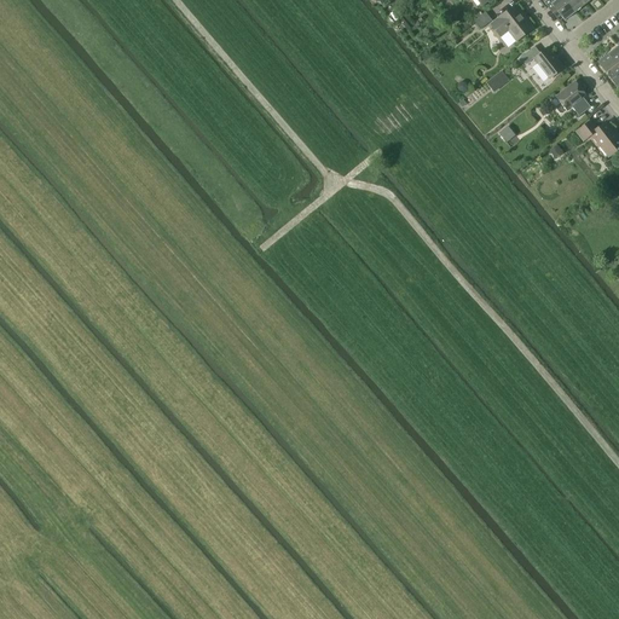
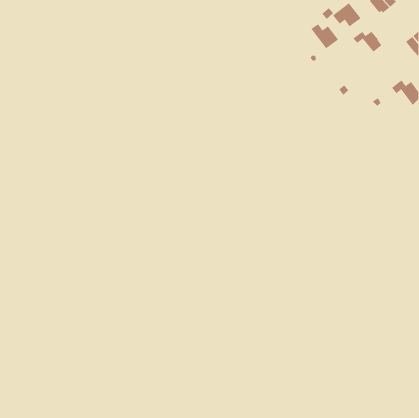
building: none -> [311,23,339,49]
building: [556,81,590,115] -> none

